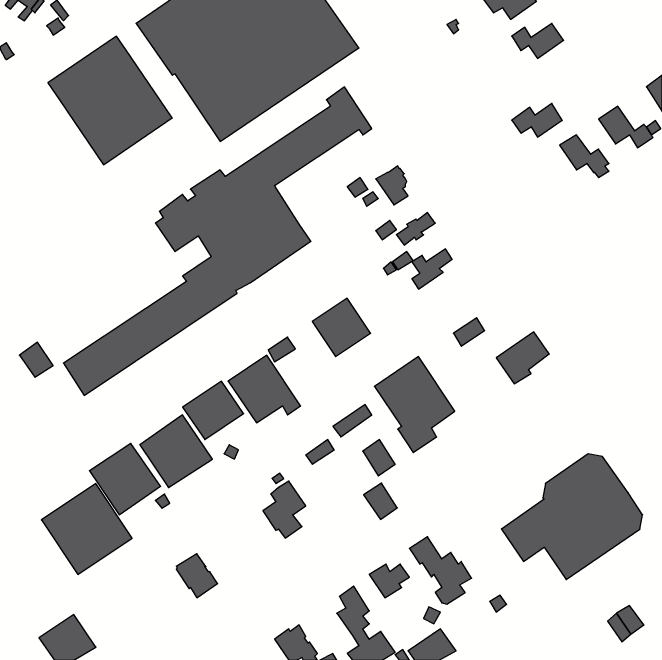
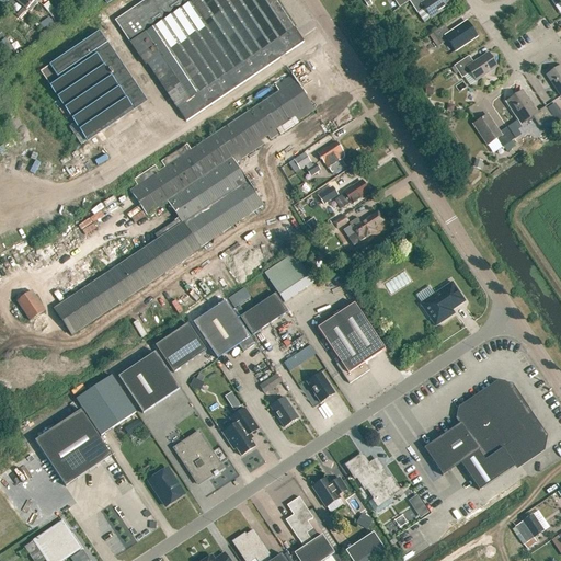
building: [512,103,562,137] -> [454,50,496,79]
building: none -> [240,293,287,334]
building: [364,483,397,519] -> [270,396,298,426]
building: none -> [179,431,222,481]

